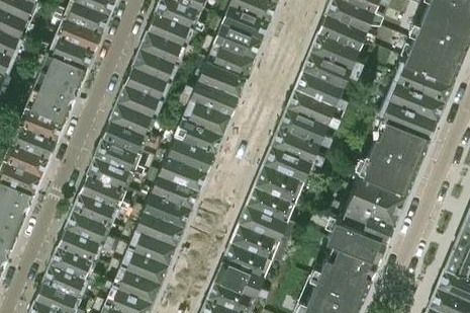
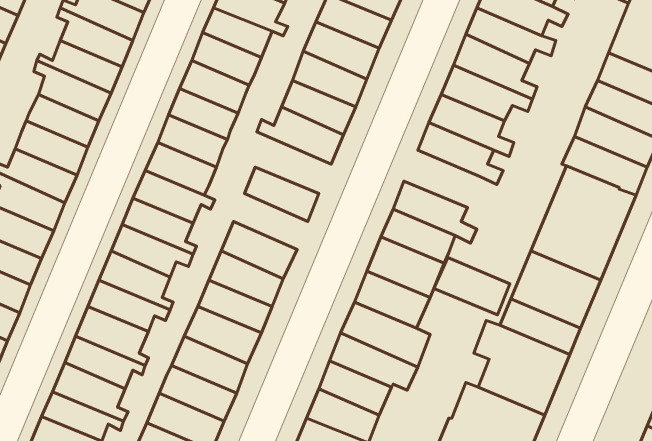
building: [179,94,230,135] -> none
building: [278,106,327,144] -> [434,258,510,315]
building: [167,135,215,171] -> none

